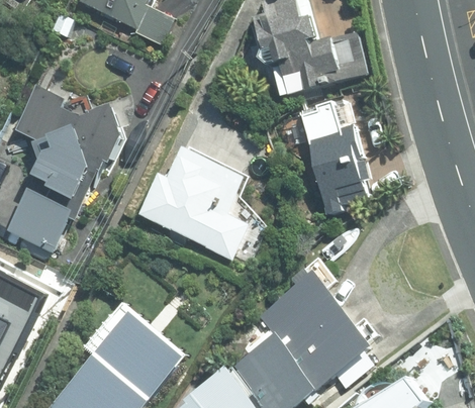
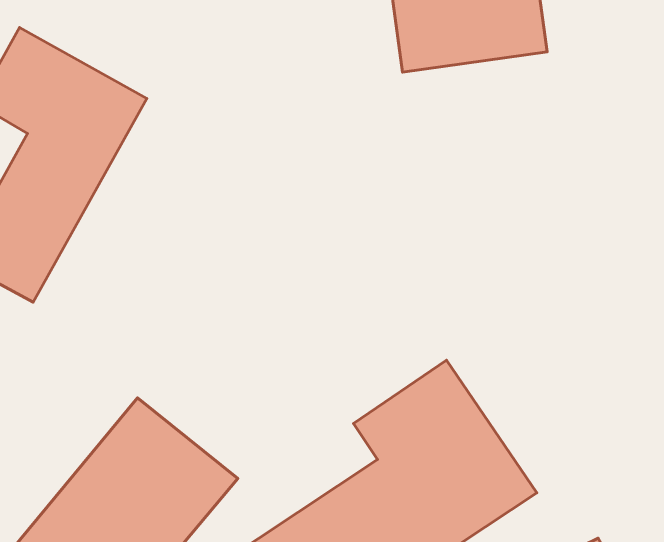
building: [283,101,367,216] -> none
building: [147,154,249,263] -> none

